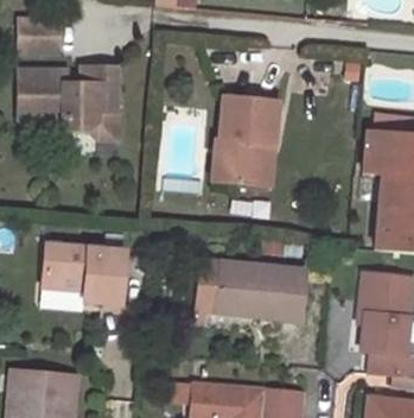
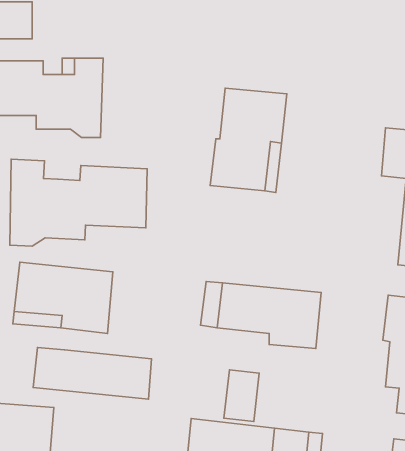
building: none -> [10,159,147,246]
building: none -> [33,347,151,399]
building: none -> [224,370,259,422]

